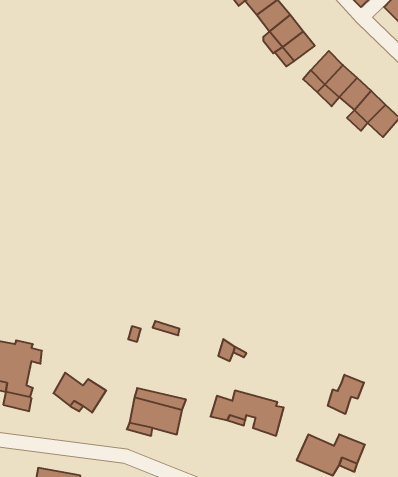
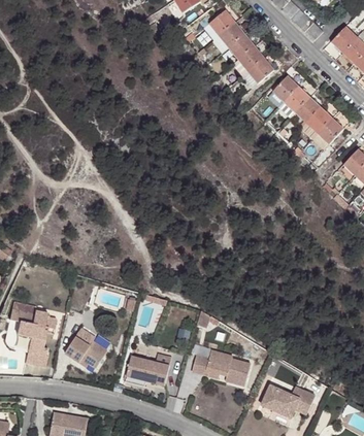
building: [328,375,364,414] -> none

